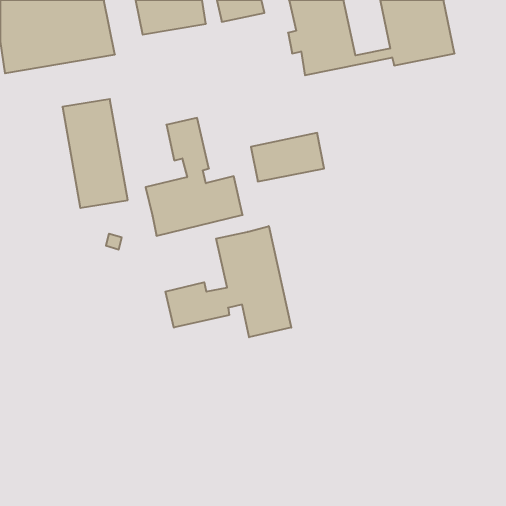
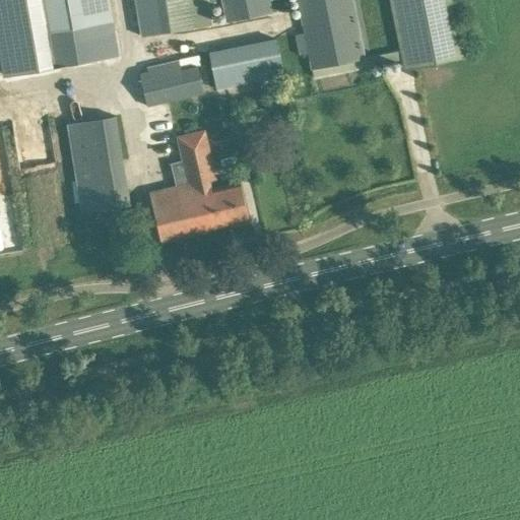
building: none -> [140,60,203,105]
building: [251,133,324,181] -> [209,39,284,88]
building: [165,226,291,337] -> none

